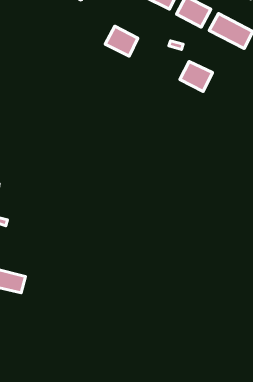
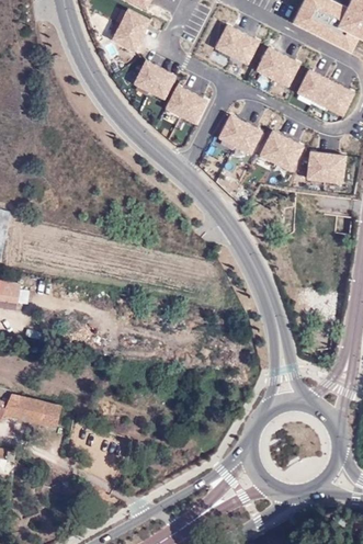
building: none -> [133,60,175,99]
building: none -> [218,115,262,154]
building: none -> [306,150,344,182]

